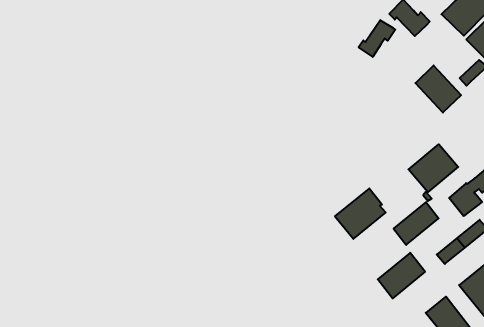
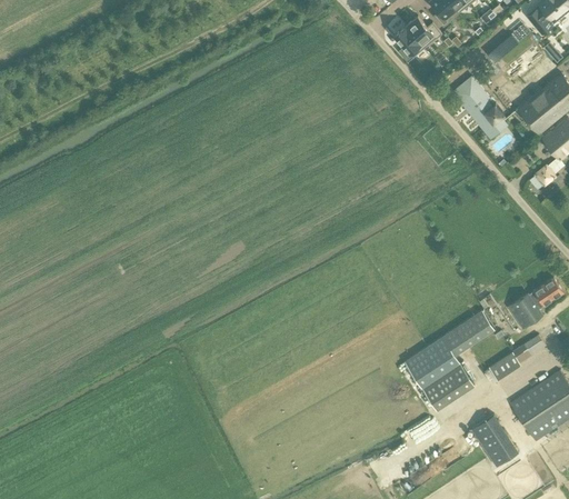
building: [359,20,395,57] -> none
building: [415,65,461,113] -> none
building: [408,144,458,192] -> none
building: [335,188,386,239] -> [403,336,459,389]

